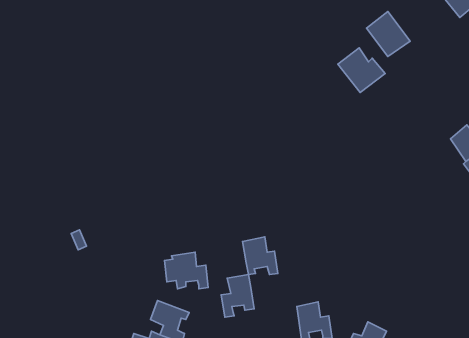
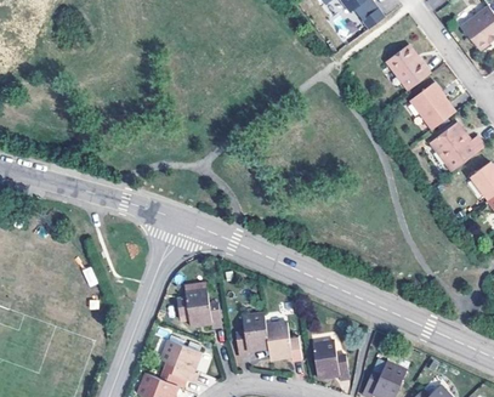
building: [338,48,385,93] -> [409,84,458,130]
building: none -> [428,121,486,172]
building: [242,237,278,275] -> [267,323,303,362]

